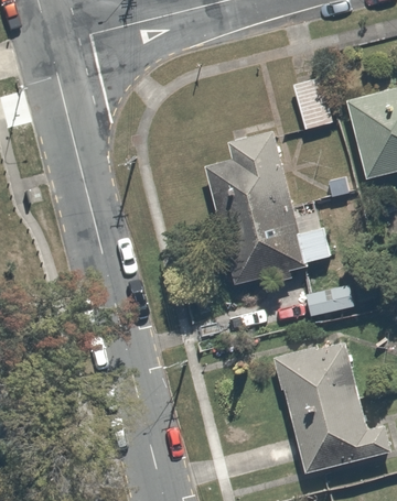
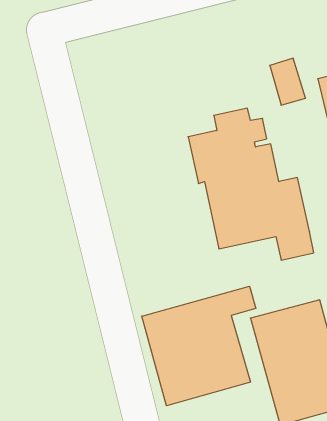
building: none -> [142,286,256,406]

